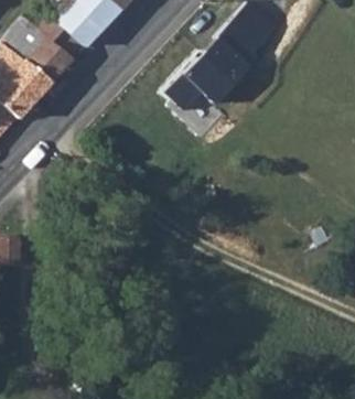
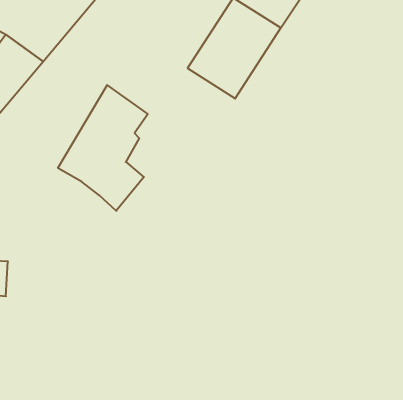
building: none -> [58,85,148,211]

